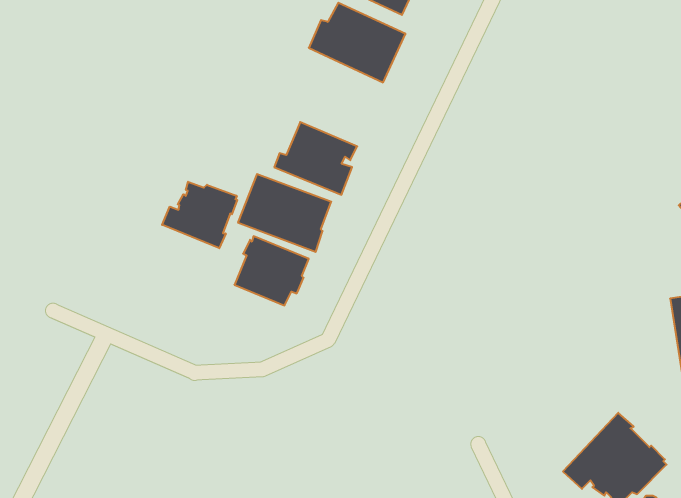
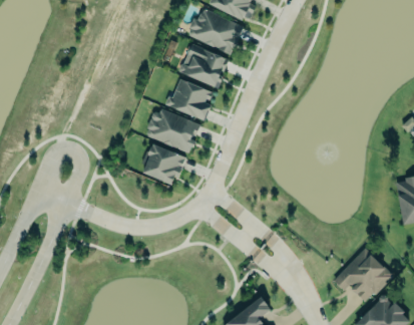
building: none -> [180,43,230,88]
building: [162,182,237,248] -> none

